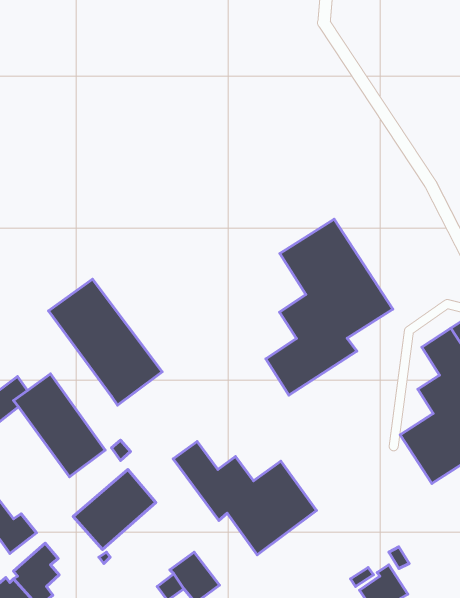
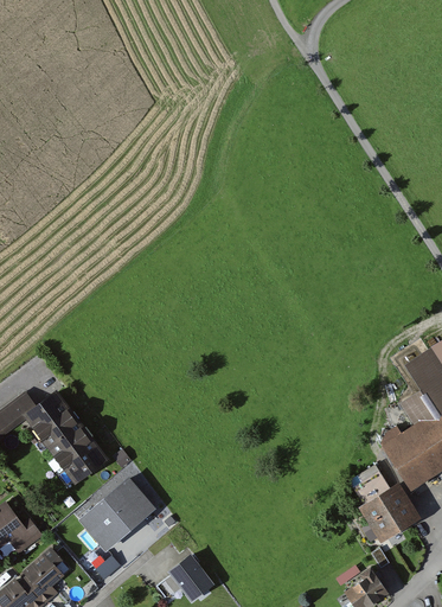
building: [266,219,393,395] -> none
building: [48,279,162,405] -> none
building: [173,441,317,555] -> none
building: none -> [352,469,419,542]

